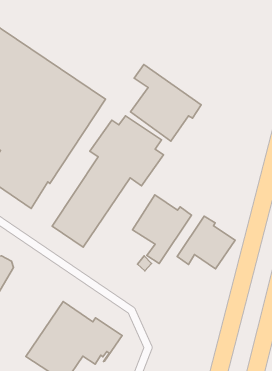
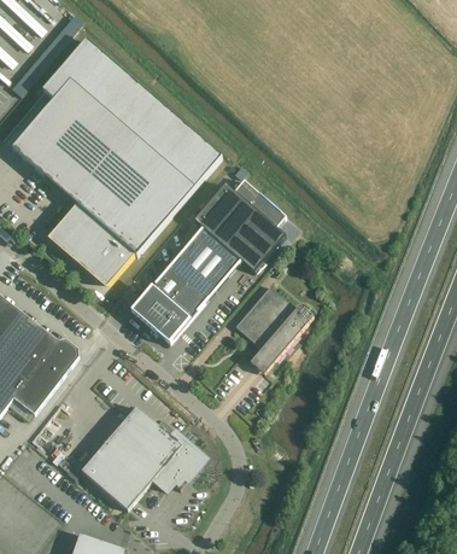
building: [130,65,201,141] -> none
building: [177,216,235,269] -> none

